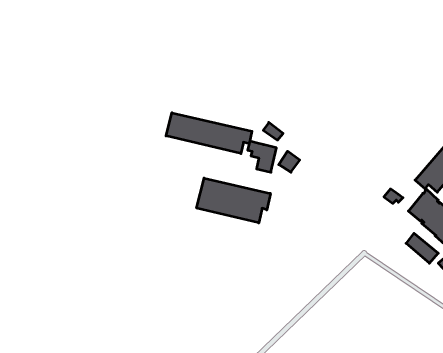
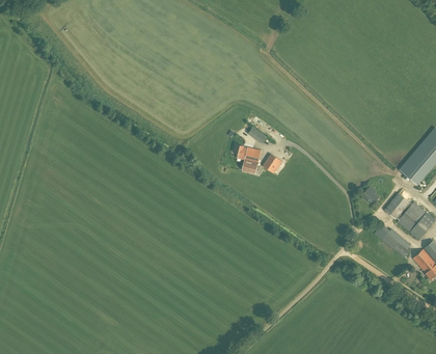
building: [166,113,252,154] -> none
building: [197,178,270,223] -> none

